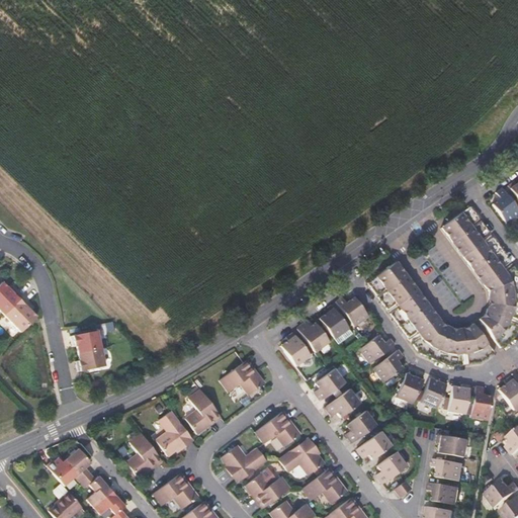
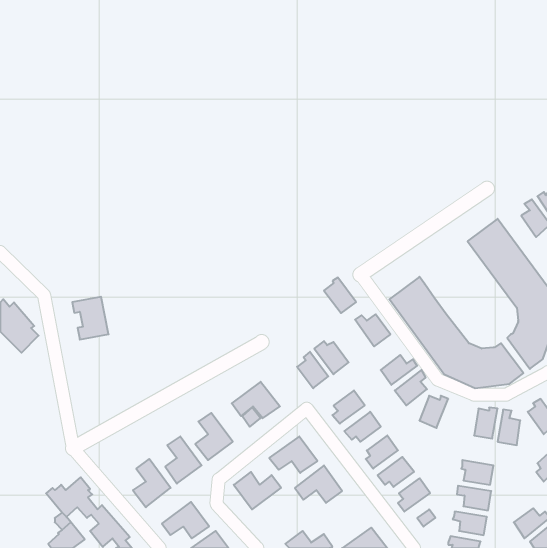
building: [319,306,349,339] -> [324,278,356,313]
building: [70,330,104,370] -> [72,297,109,340]
building: [420,377,447,409] -> none
building: [301,468,347,503] -> none
building: [245,473,290,508] -> none

